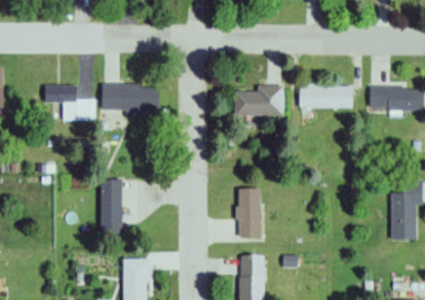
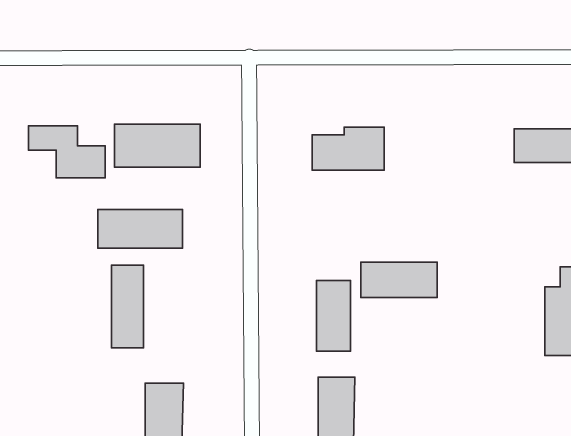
building: [301,84,352,108] -> [361,262,437,297]
building: none -> [98,209,182,248]

